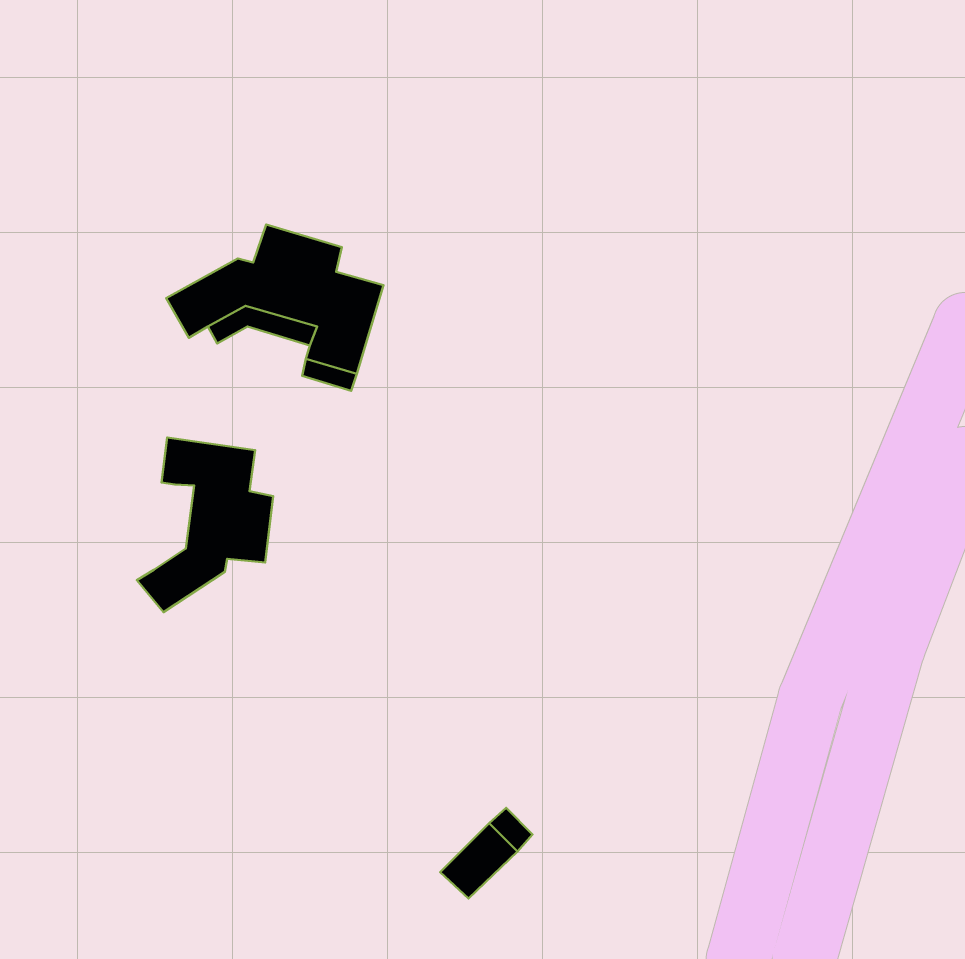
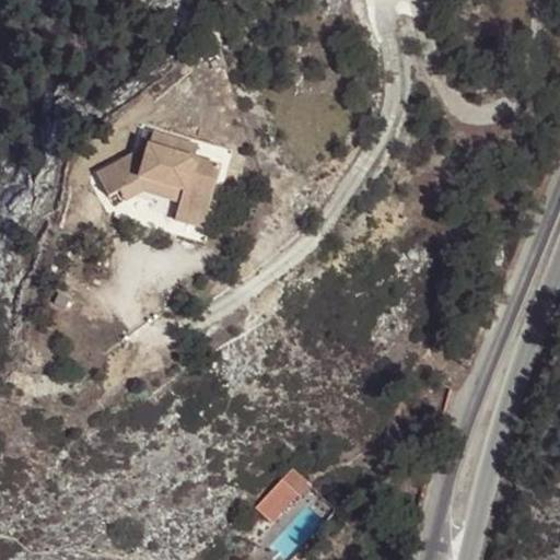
building: [137,438,273,612] -> none

